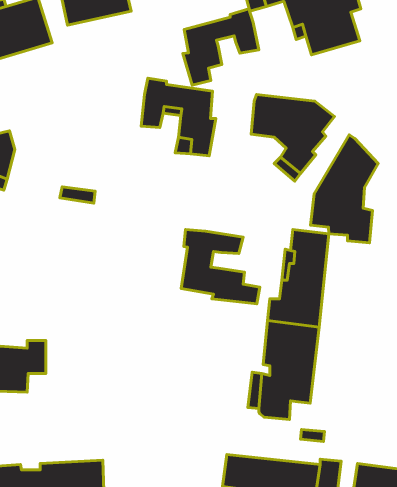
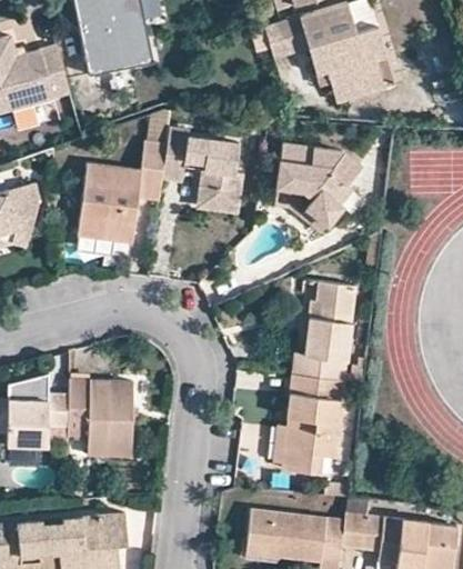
building: [183,9,259,85] -> none
building: none -> [78,142,168,239]
building: [311,135,378,243] -> none
building: [181,229,260,304] -> none
building: none -> [67,380,135,457]

